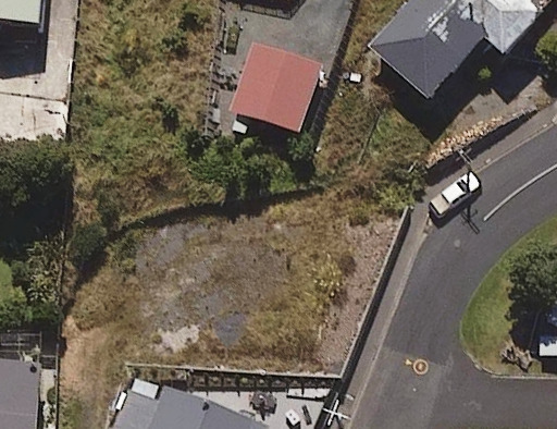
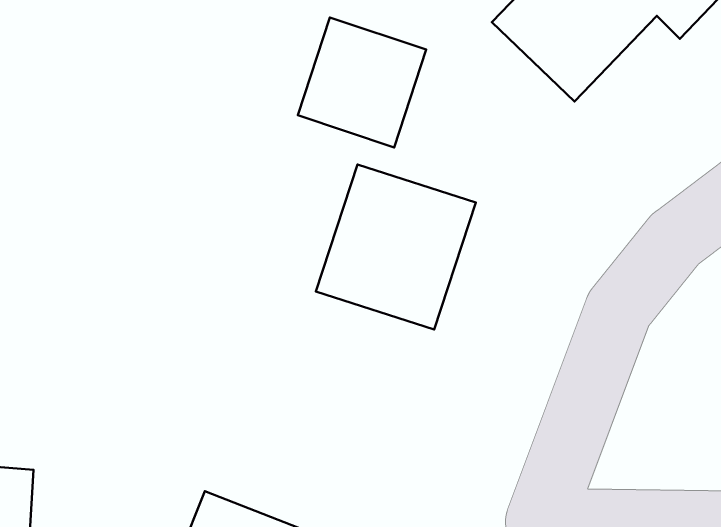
building: none -> [316,164,476,330]

